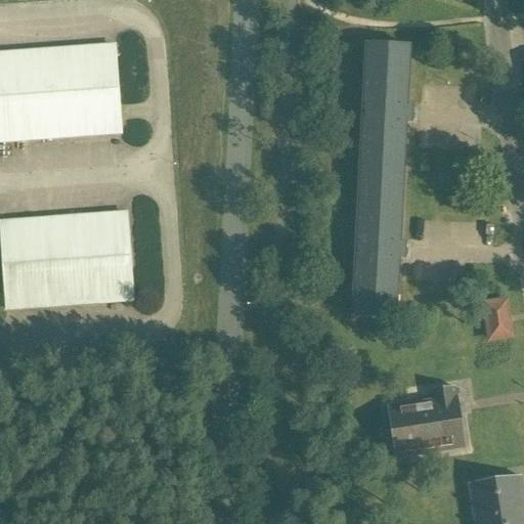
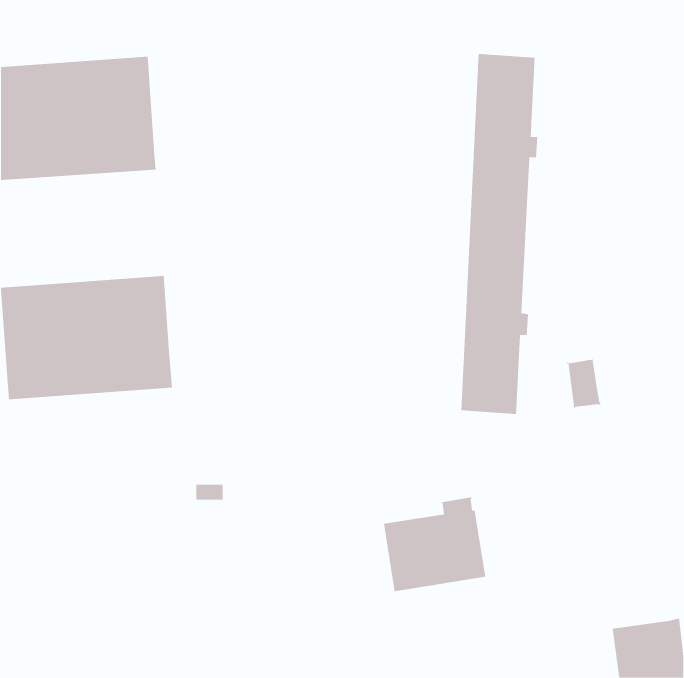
building: [484,298,511,337] -> [567,358,601,409]
building: [386,384,465,456] -> [383,497,486,592]

